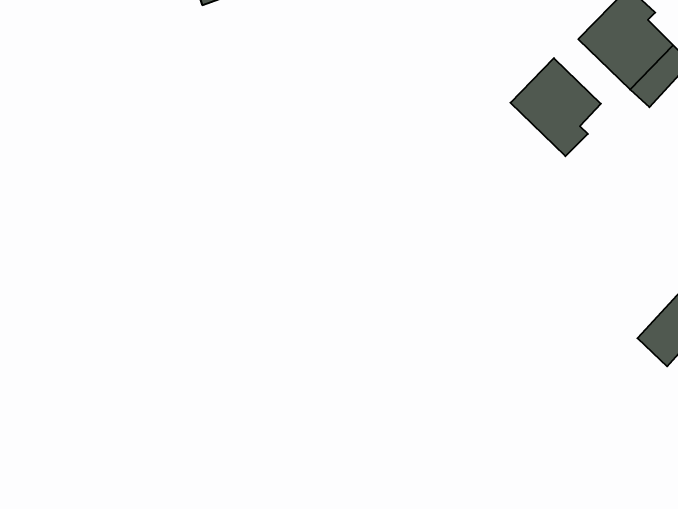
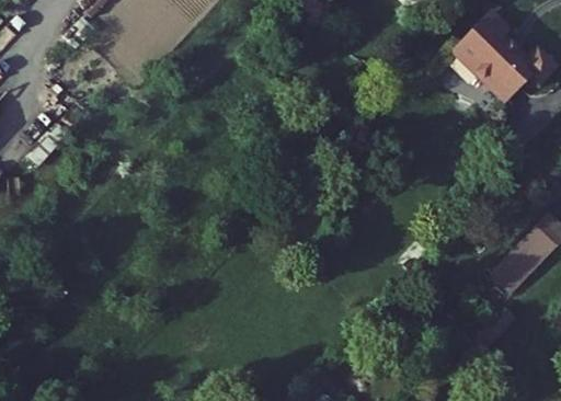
building: [510,58,601,156] -> none

